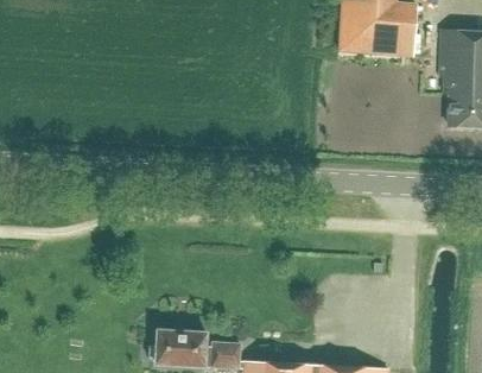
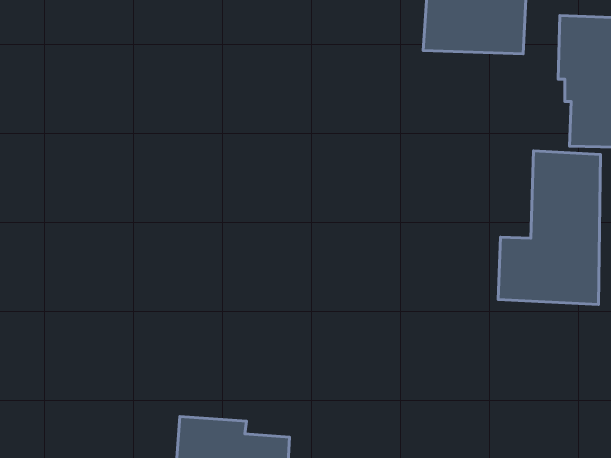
building: none -> [498,151,600,305]

